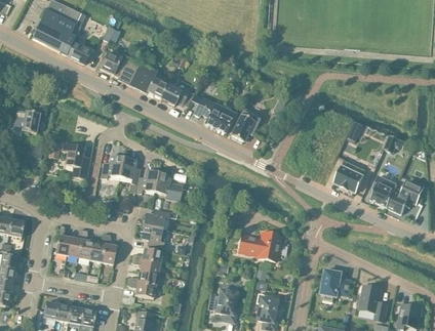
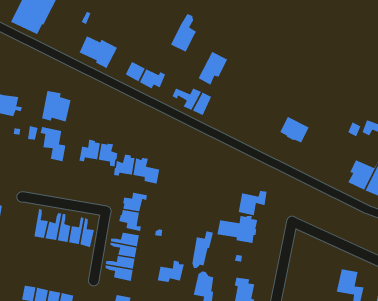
building: [60,24,91,64] -> none
building: [129,53,157,93] -> [170,13,197,53]
building: none -> [41,90,72,123]
building: [231,107,262,141] -> [198,51,228,86]
building: [330,164,361,192] -> [279,116,310,143]
building: none -> [238,190,267,216]
building: none -> [192,230,214,269]
building: [321,270,351,300] -> none
building: none -> [157,260,185,283]

